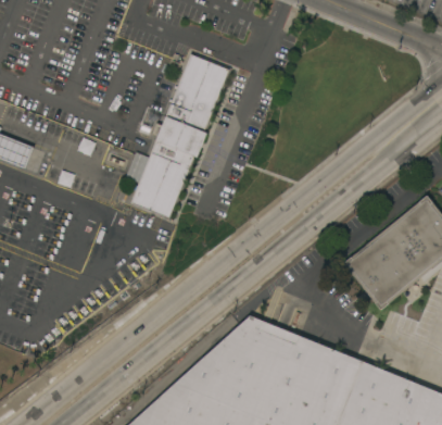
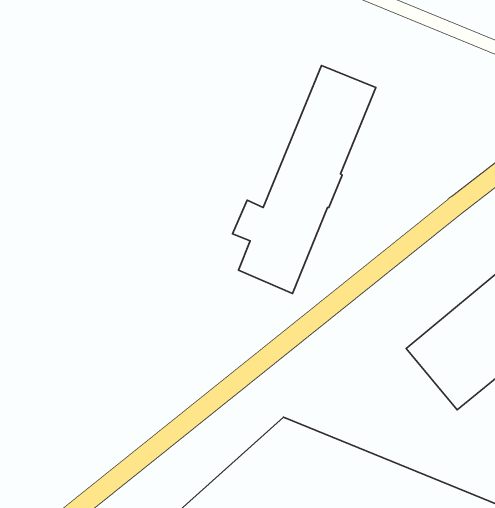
building: [126,51,232,221] -> [233,66,376,294]

